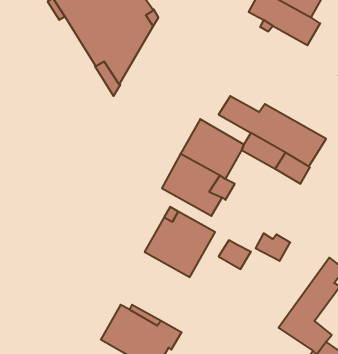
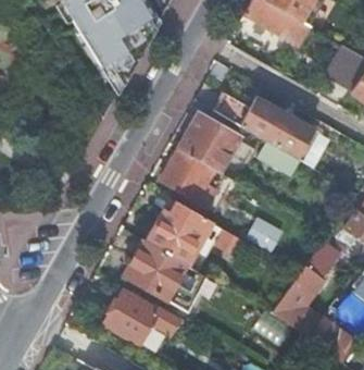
building: none -> [124,239,209,311]

